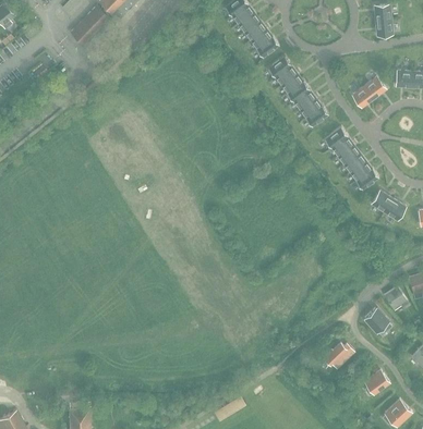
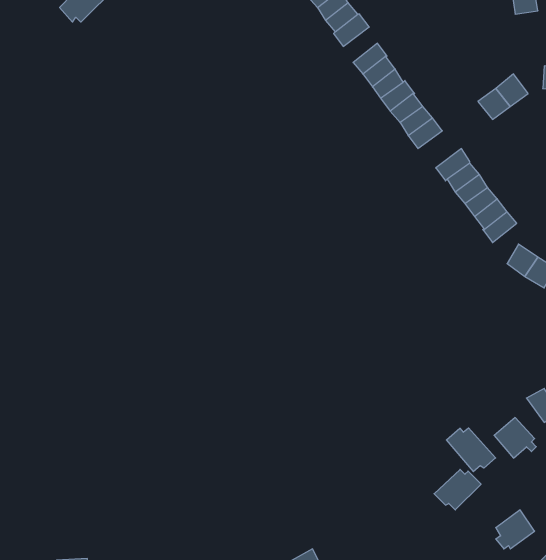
building: none -> [446,428,496,472]

